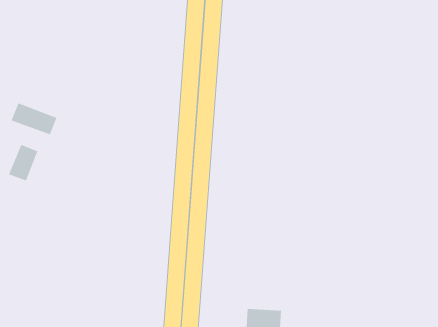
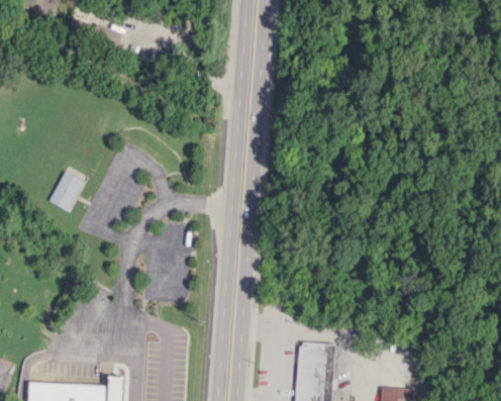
building: [11,102,57,135] -> none

